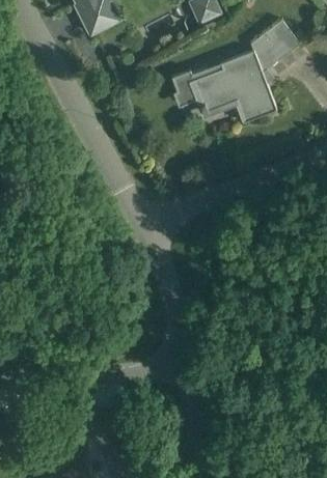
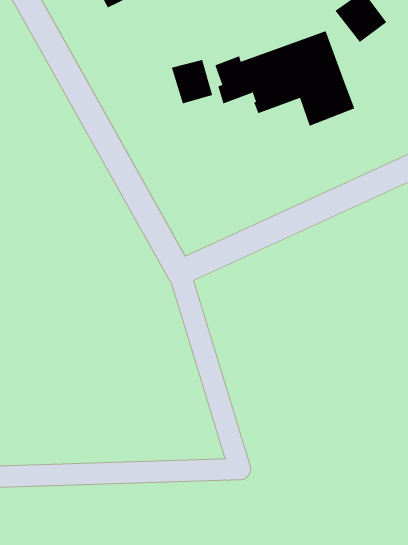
building: none -> [171,59,213,104]

